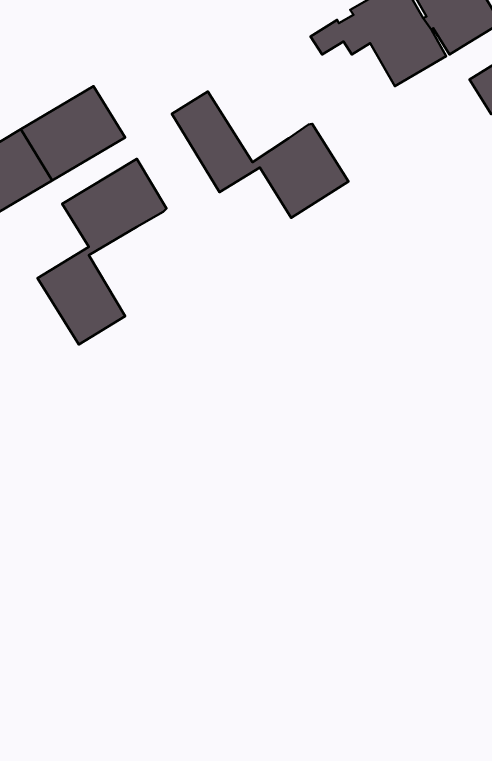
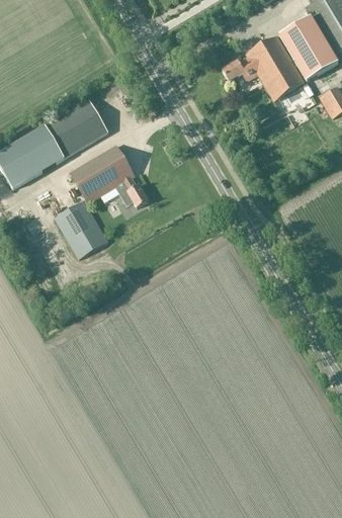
building: [172,91,349,218] -> none
building: none -> [115,177,148,207]

